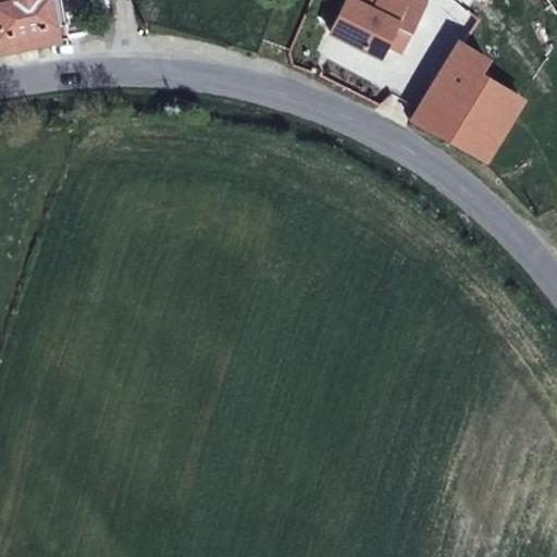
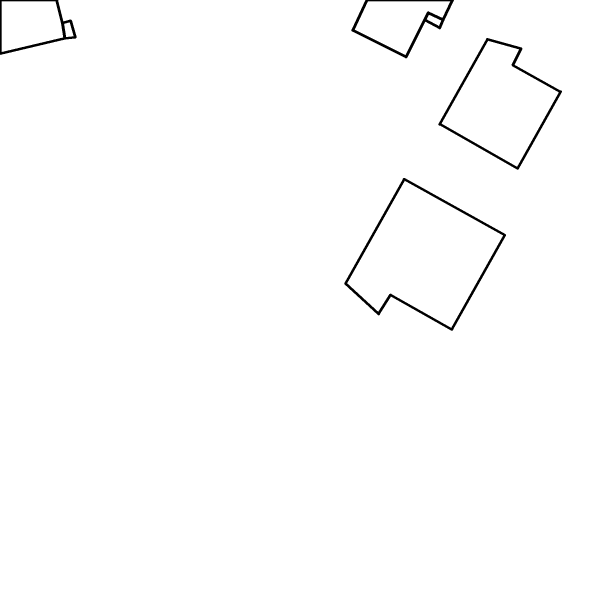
building: none -> [346,179,505,329]

